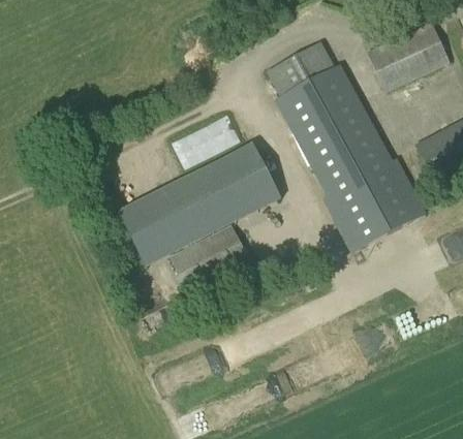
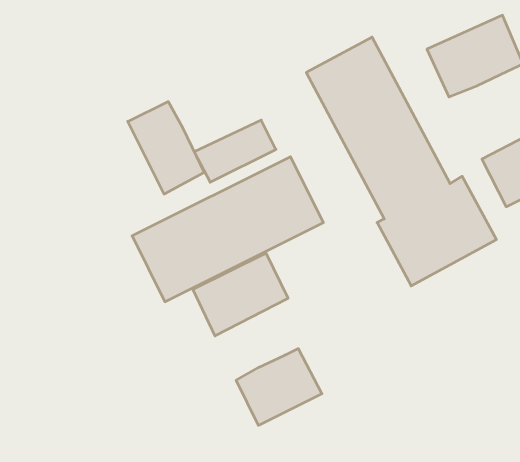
building: none -> [128,102,204,194]
building: none -> [236,349,322,425]

